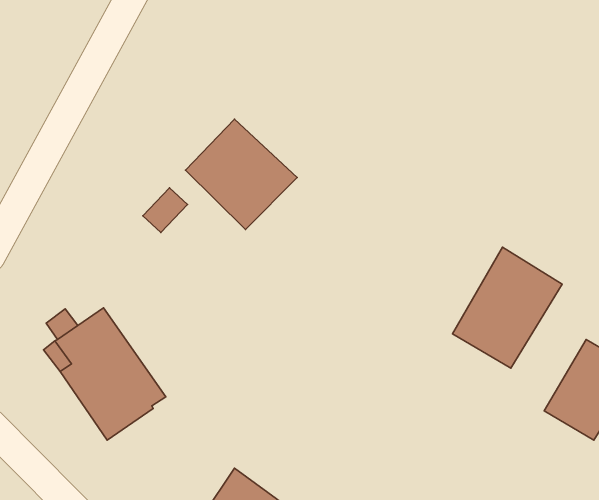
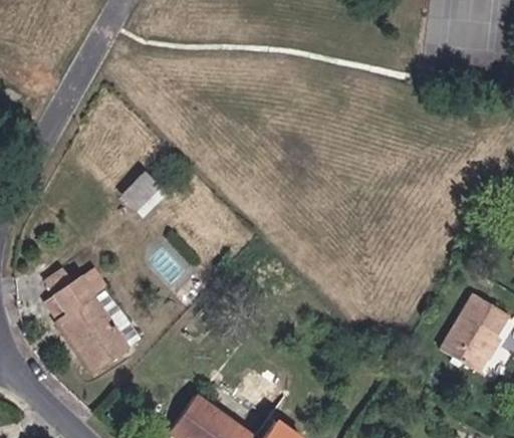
building: [186,119,297,230] -> none
building: [453,247,562,368] -> none

